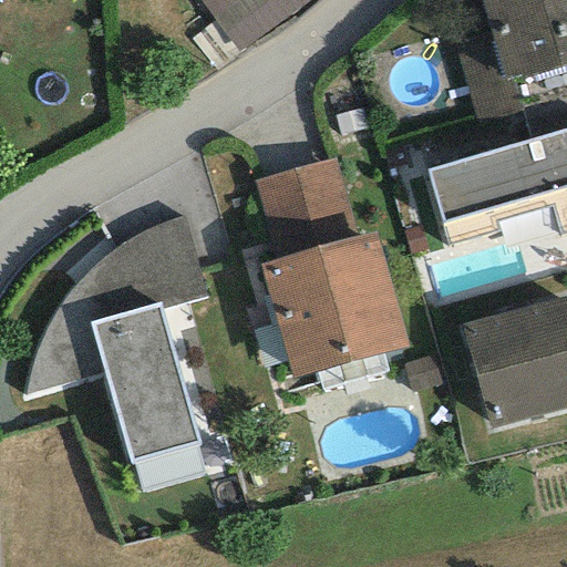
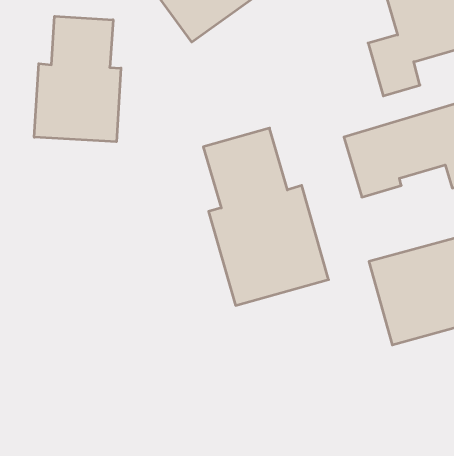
building: none -> [34,16,121,142]
building: [27,215,208,462] -> none

